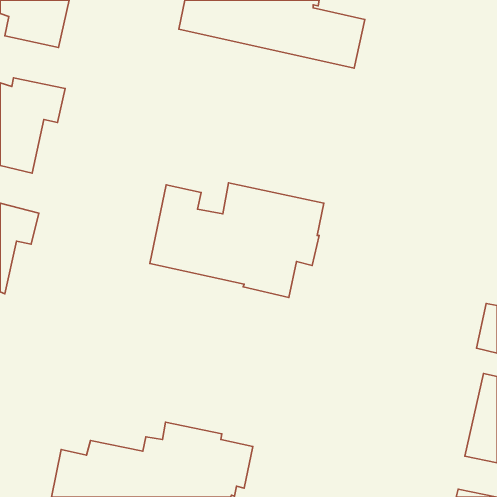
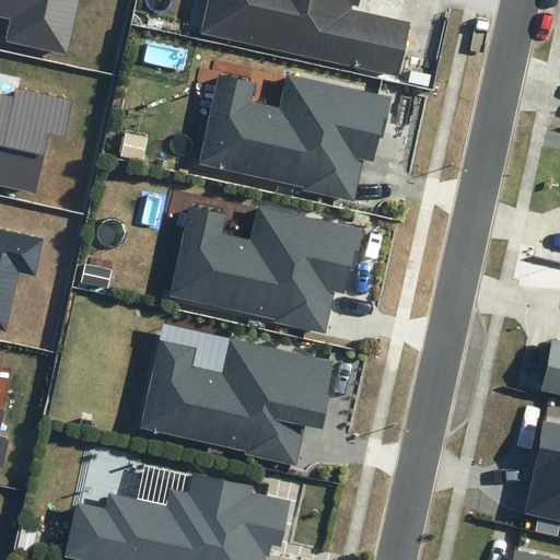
building: none -> [198,74,393,202]
building: none -> [140,337,336,465]

